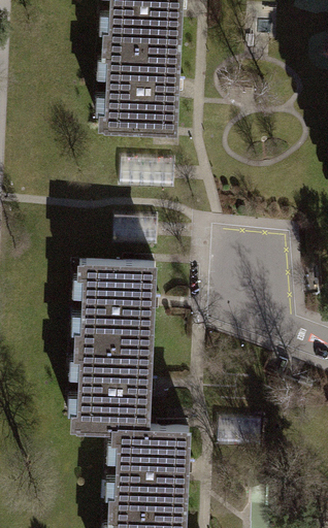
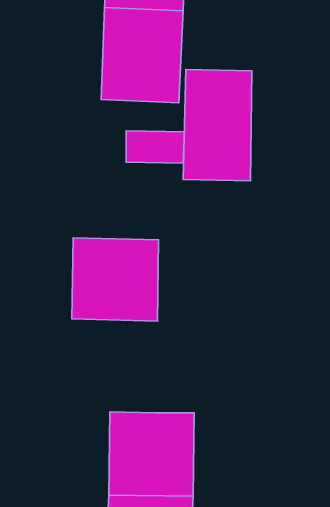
building: none -> [183,70,252,181]
building: [73,341,156,431] -> none

